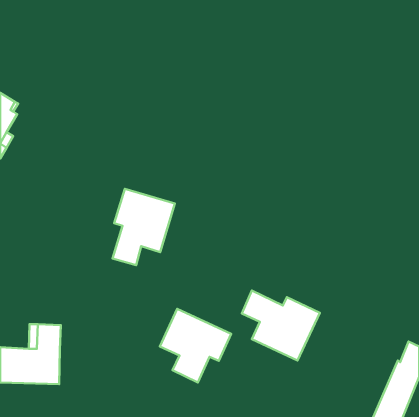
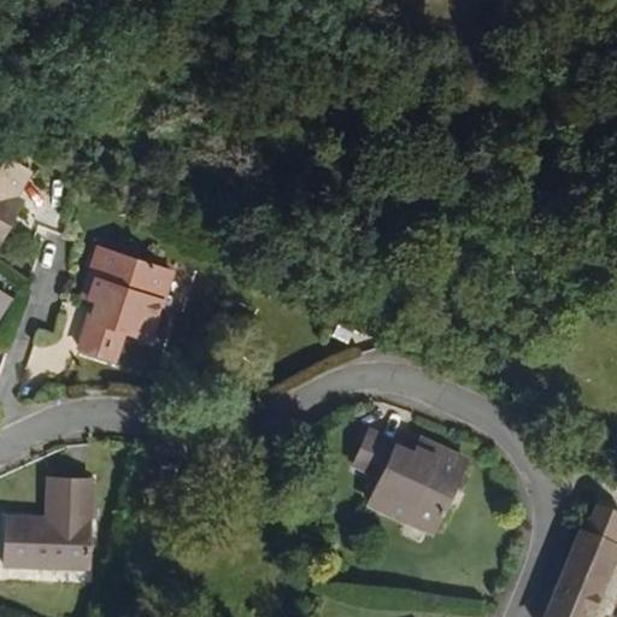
building: [113,189,175,265] -> [80,249,171,362]
building: [160,309,231,383] -> none

